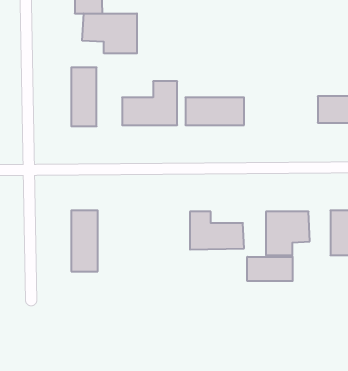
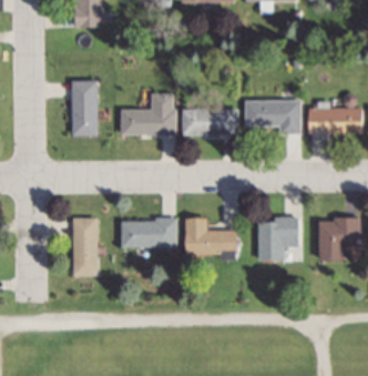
building: [82,13,137,53] -> none
building: none -> [246,100,300,133]
building: none -> [121,217,176,246]
building: [247,257,293,281] -> none

